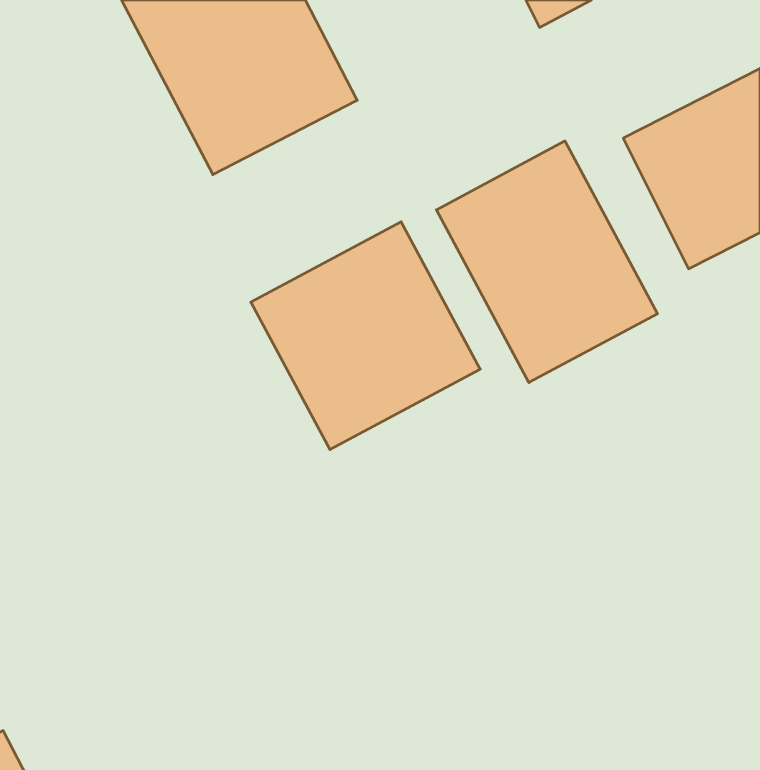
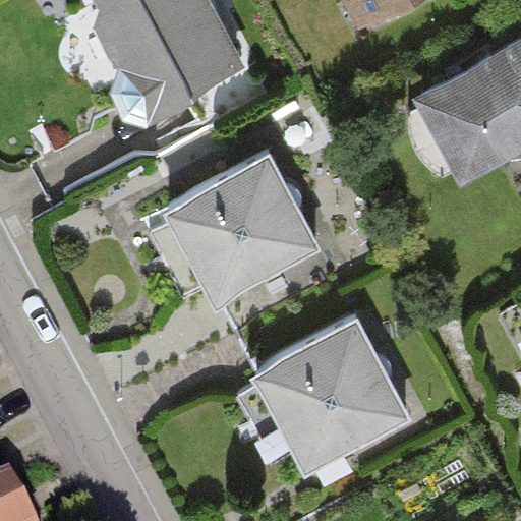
building: [436,141,657,383] -> none
building: none -> [253,317,407,470]

